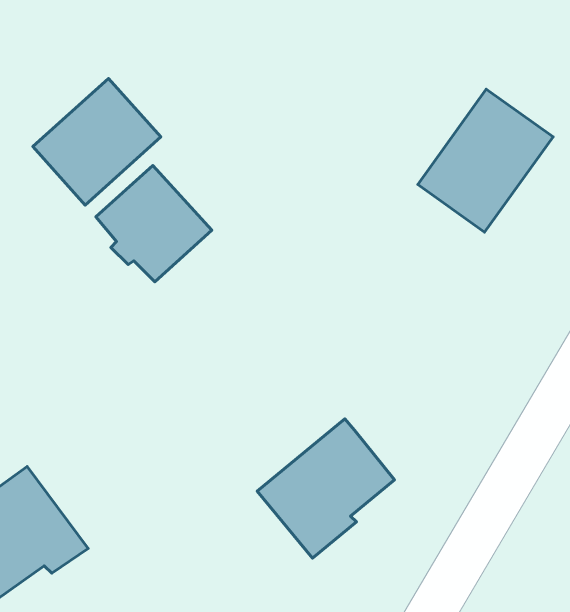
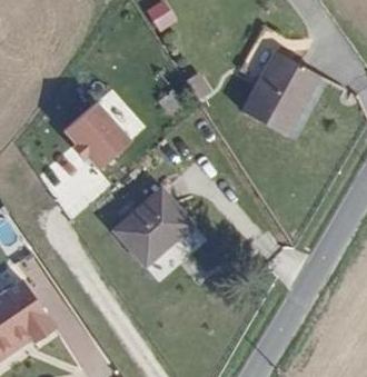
building: [33,78,161,205] -> none
building: [257,419,394,558] -> [111,187,191,268]

